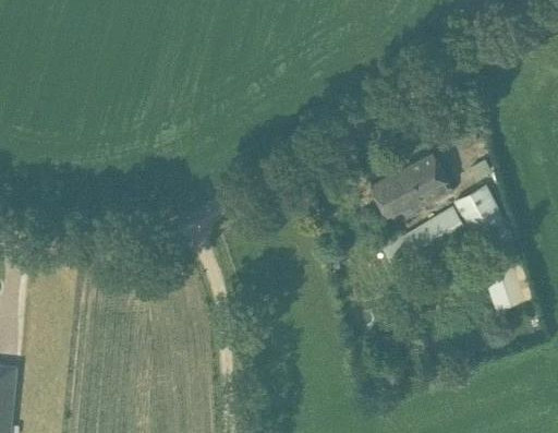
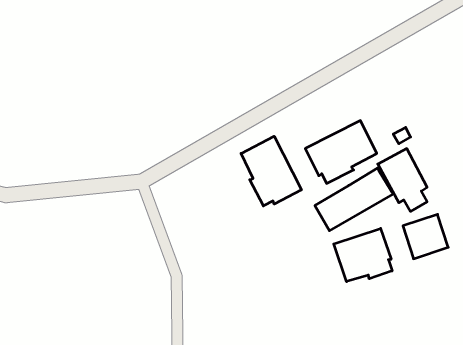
building: none -> [241,136,301,206]
building: none -> [334,228,392,282]

